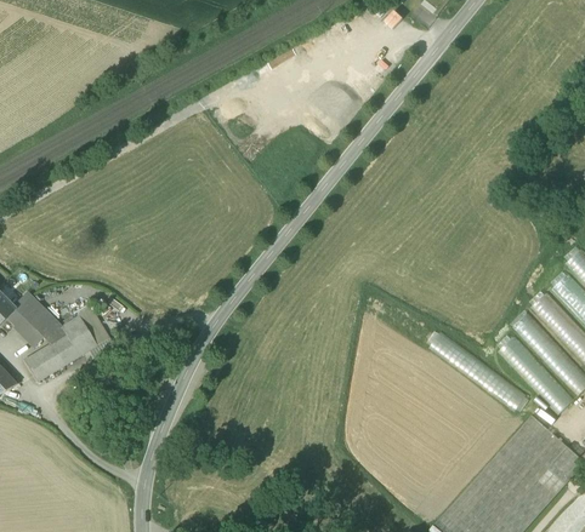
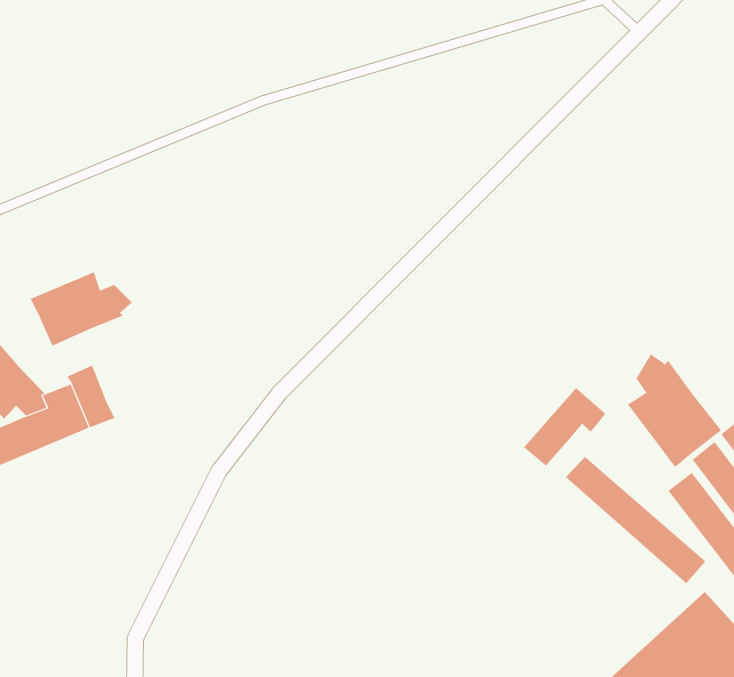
building: none -> [30,271,132,347]
building: none -> [627,353,722,468]
building: none -> [523,387,606,466]

